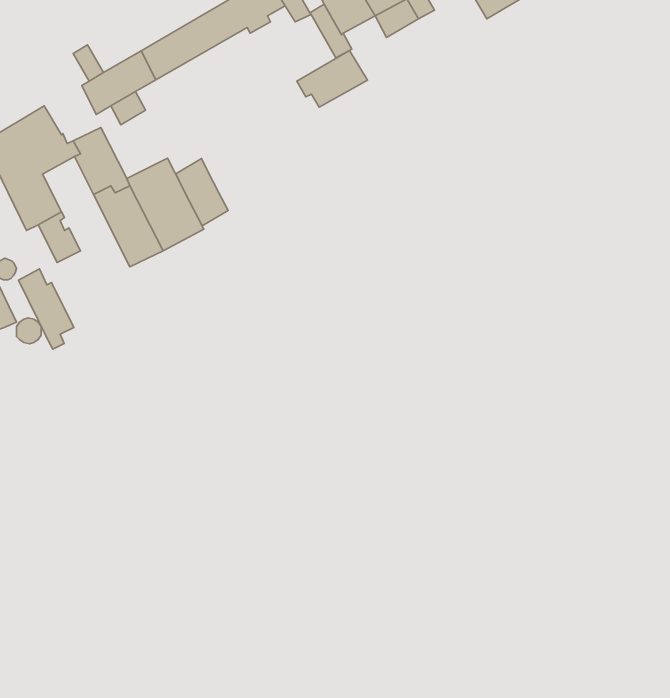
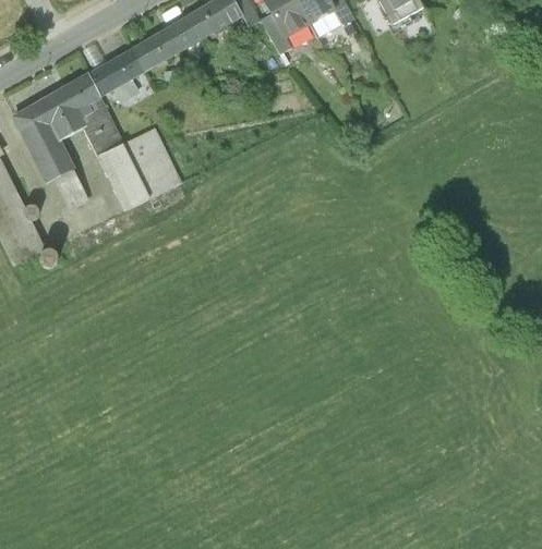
building: [297,50,367,107] -> none
building: none -> [60,73,103,117]
building: [176,158,228,226] -> none
building: [18,269,74,349] -> none

